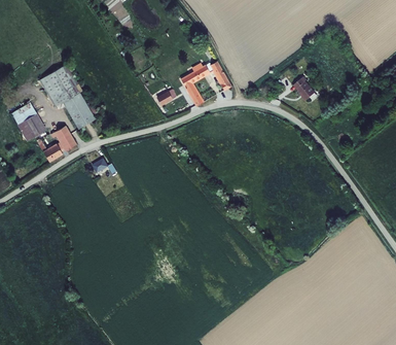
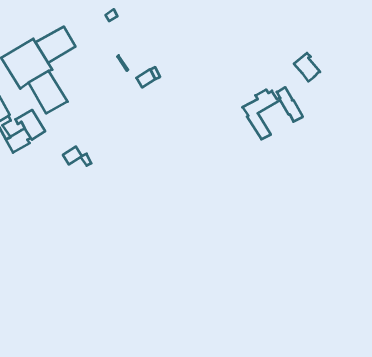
building: none -> [35,27,75,63]
building: [179,61,231,106] -> [242,87,303,139]

